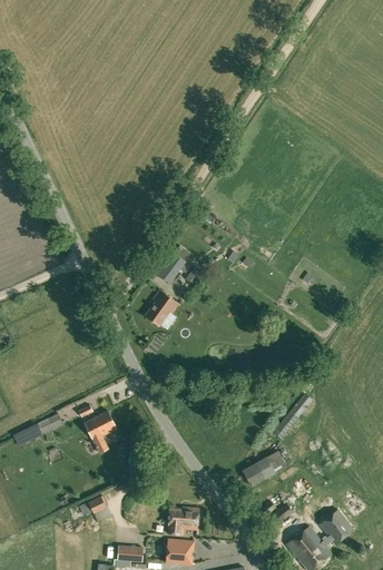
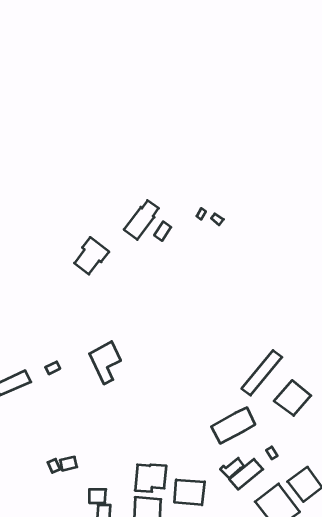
building: [144,289,178,326] -> [74,237,109,274]
building: [84,411,115,453] -> [89,341,121,384]
building: none -> [274,380,311,416]
building: none -> [175,480,205,505]

